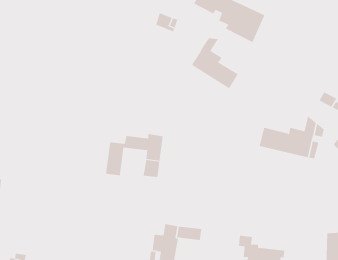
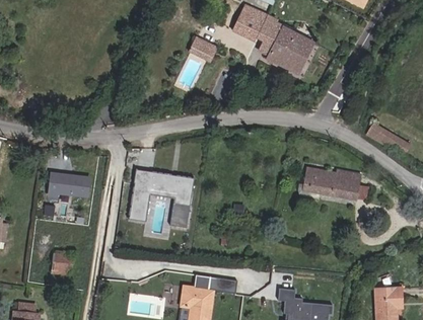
building: [191,37,239,89] -> none
building: none -> [134,169,177,185]
building: none -> [49,171,88,195]
building: none -> [51,252,71,275]

